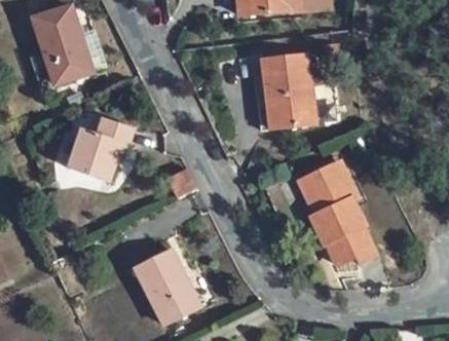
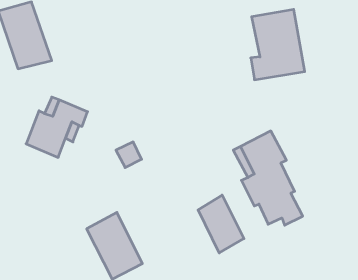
building: [257,51,317,130] -> [251,9,305,80]
building: none -> [198,195,244,253]

